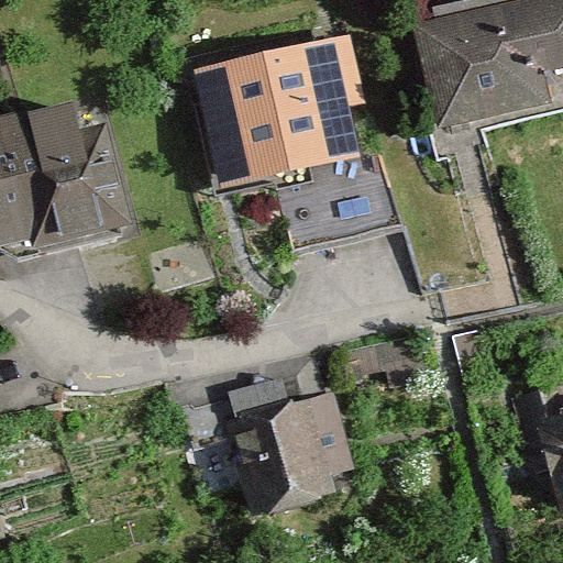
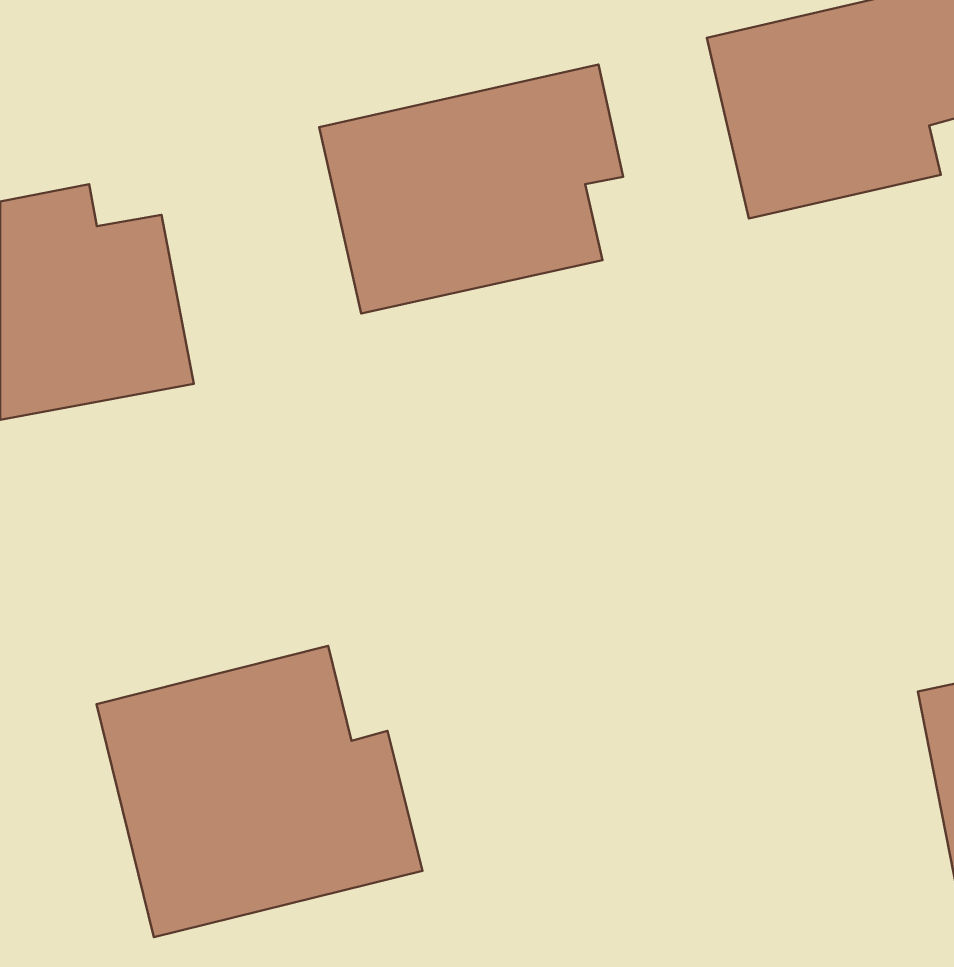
building: none -> [96,646,423,937]
building: [235,395,345,503] -> none

